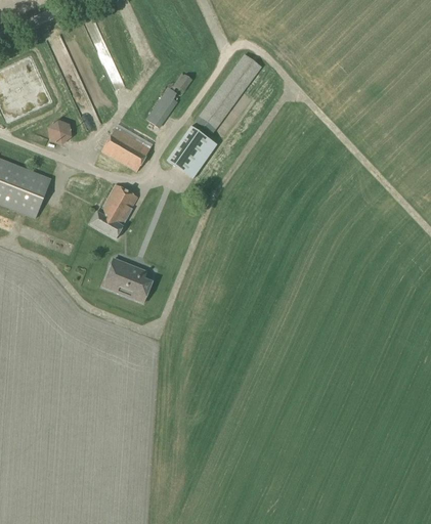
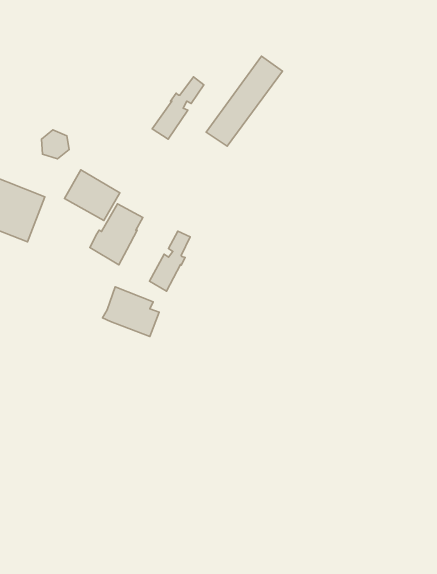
building: [102,126,152,171] -> [65,170,120,220]
building: [168,126,217,178] -> none
building: none -> [149,231,190,291]

